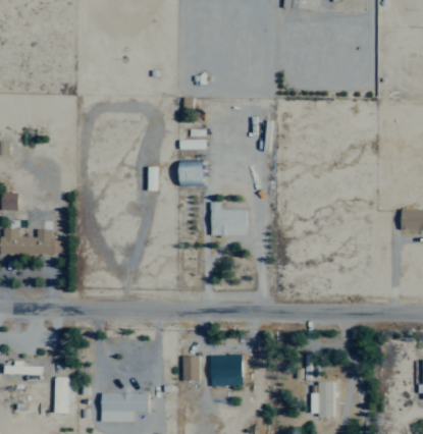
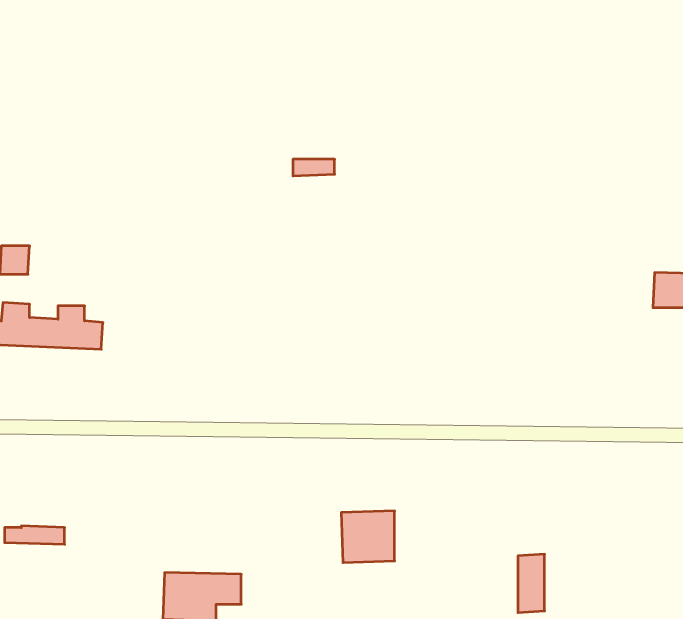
building: [178,161,204,185] -> none
building: [211,202,247,236] -> none
building: [182,356,201,381] -> none
building: [54,379,74,414] -> none

